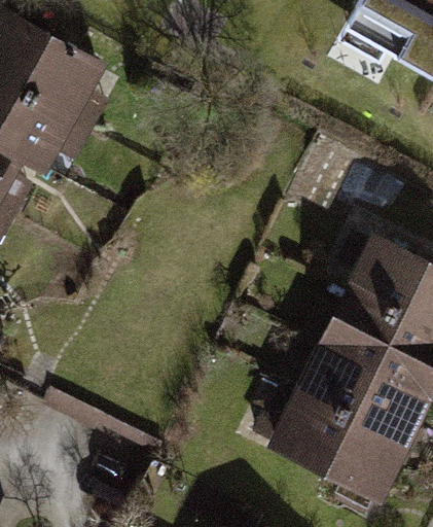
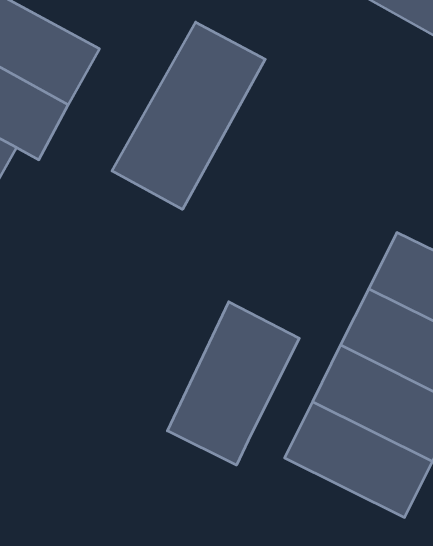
building: none -> [112,22,265,209]
building: none -> [167,302,299,465]

